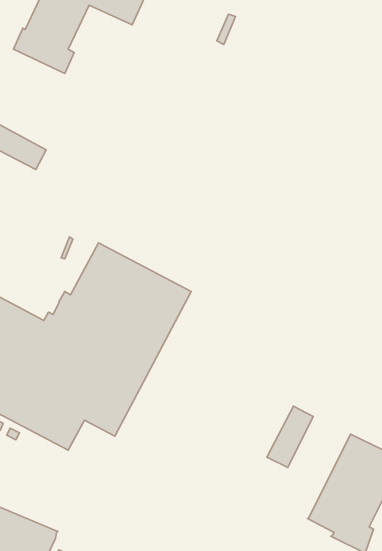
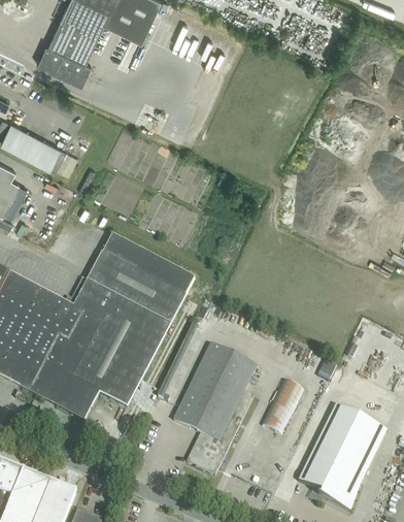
building: none -> [173,344,257,475]

